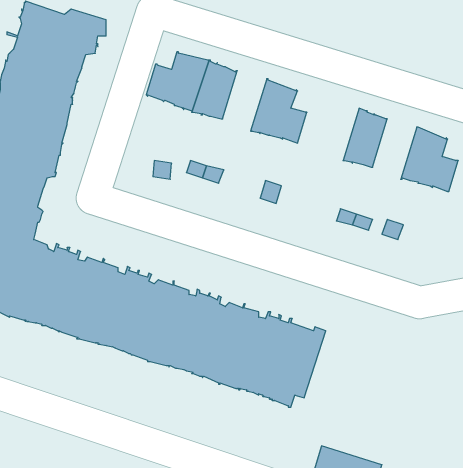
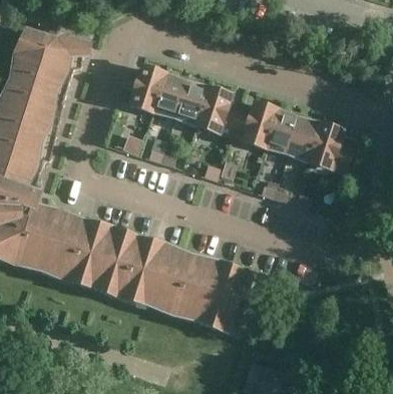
building: none -> [175,80,209,125]
building: none -> [232,102,278,147]
building: none -> [288,116,321,161]

